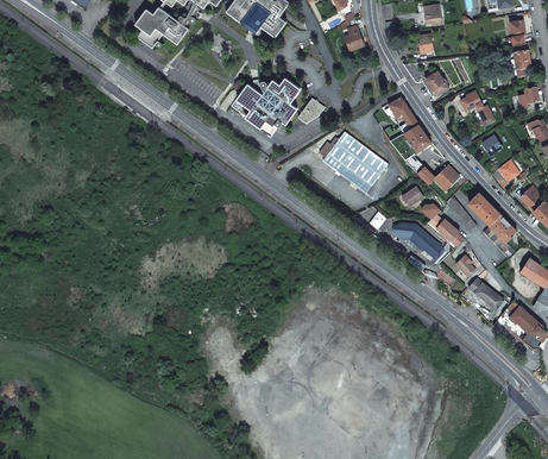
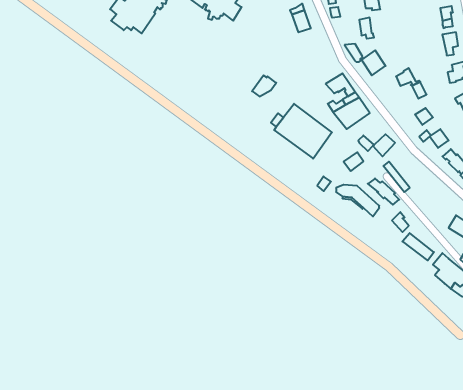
building: [232,78,300,133] -> none
building: [468,191,516,258] -> none

